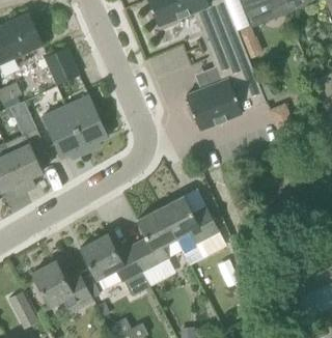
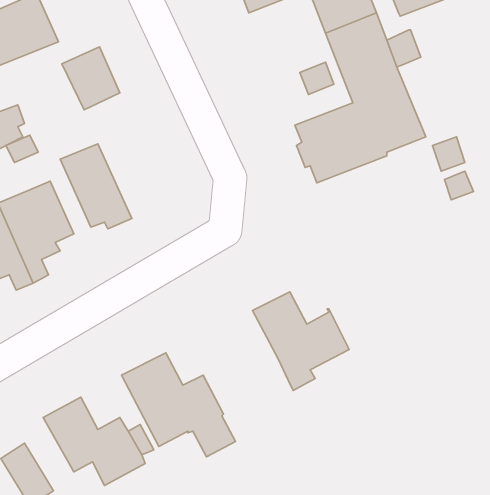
building: [65,95,107,151] -> none
building: [130,207,175,271] -> none

